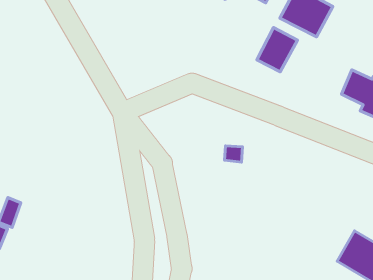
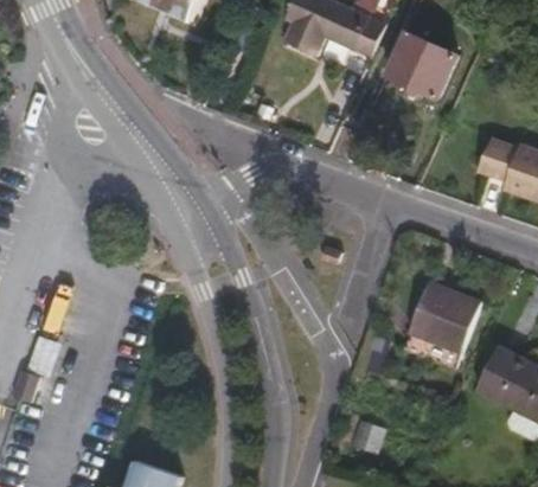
building: [257,27,297,72] -> none
building: none -> [412,280,486,354]

